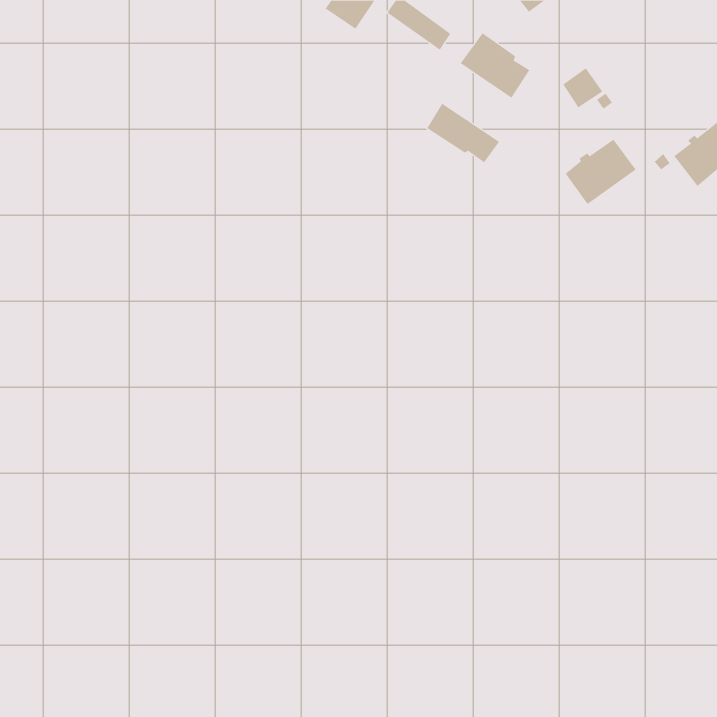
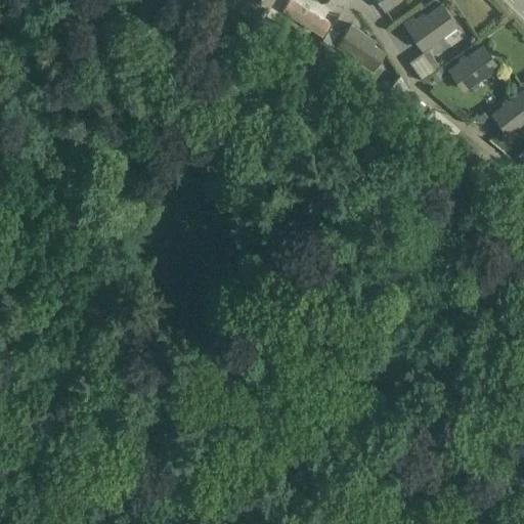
building: none -> [405,5,457,49]
building: [427,103,500,163] -> none
building: [565,139,636,205] -> [448,45,500,93]

